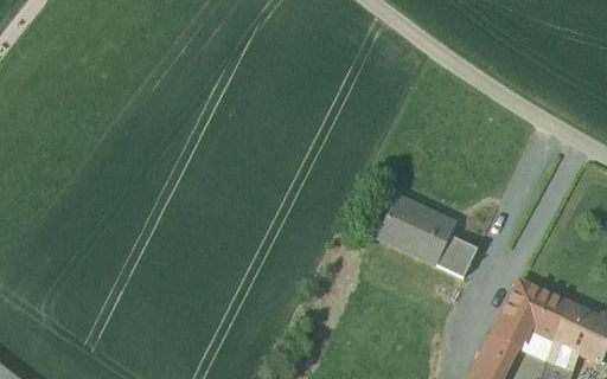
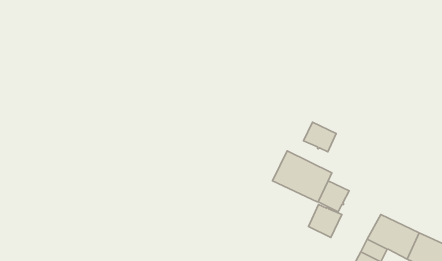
building: none -> [304,122,336,152]
building: none -> [308,204,342,237]

